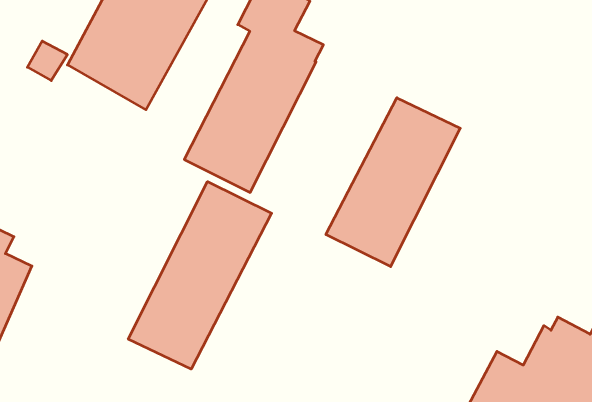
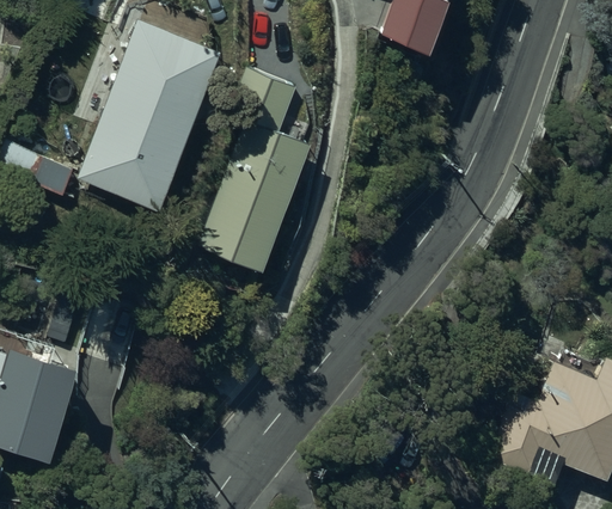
building: [326,98,460,267] -> none
building: [128,182,272,369] -> none

